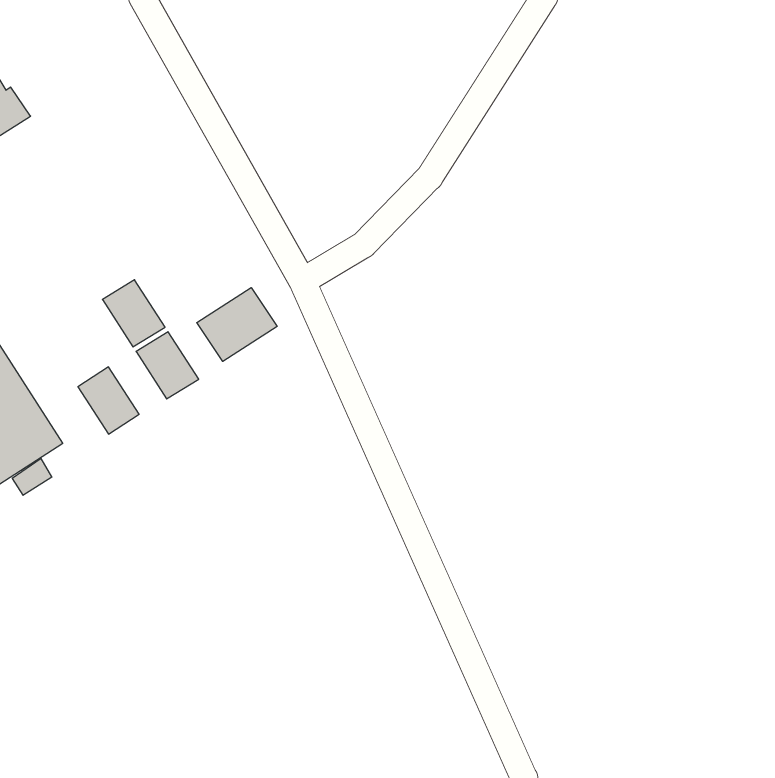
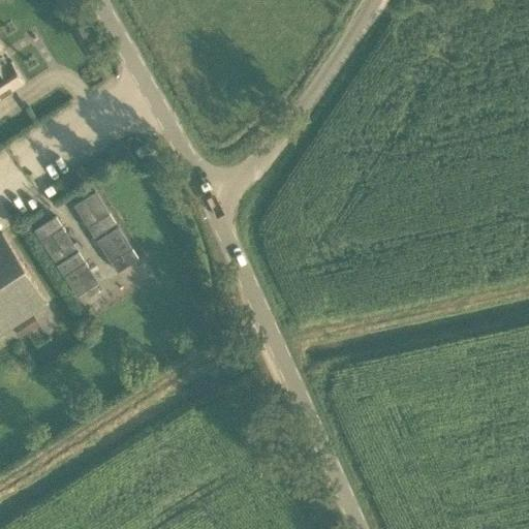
building: [197,288,277,361] -> none
building: none -> [30,213,71,258]

